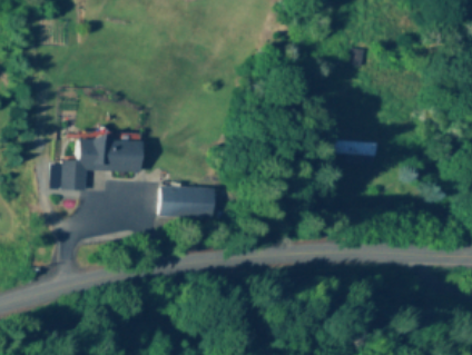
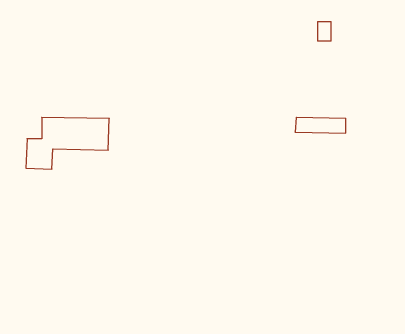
building: [159,186,215,219] -> none

